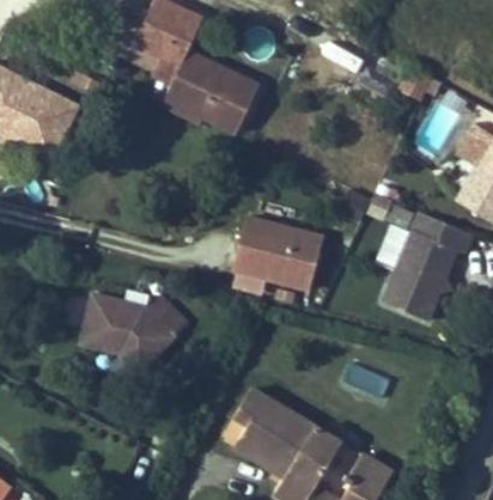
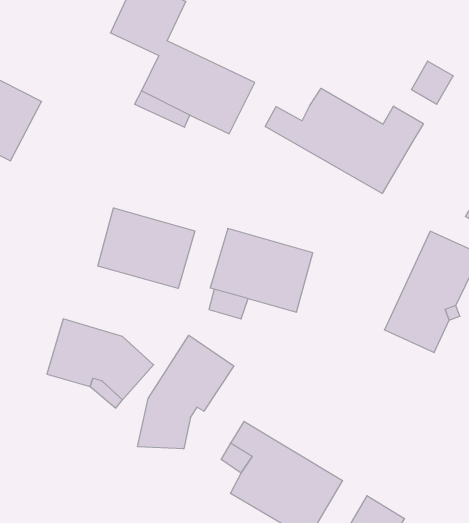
building: none -> [265,88,423,193]
building: none -> [98,208,195,288]
building: none -> [138,335,234,449]

